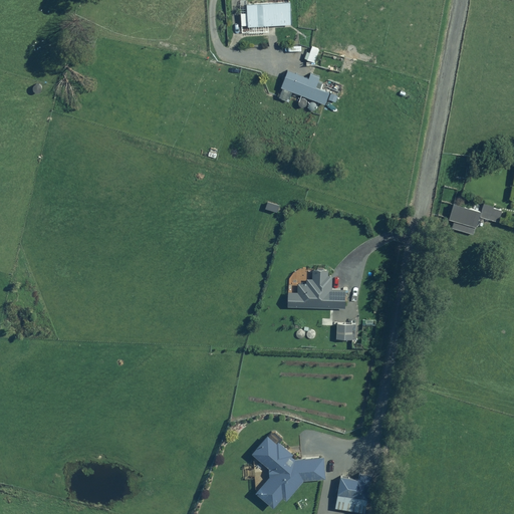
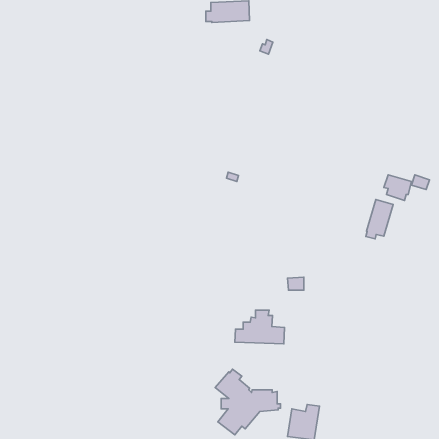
building: [277,74,329,105] -> none
building: none -> [366,199,393,239]
building: [287,270,345,309] -> [235,310,285,344]

